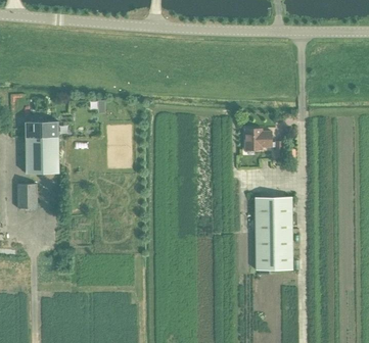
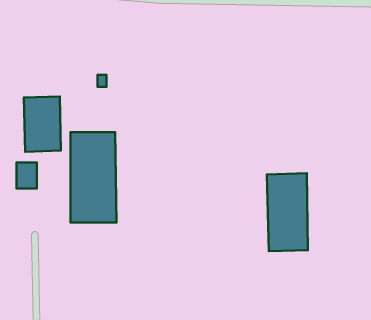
building: [244,127,270,147] -> none
building: none -> [70,132,116,223]

